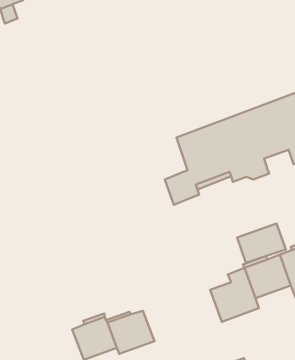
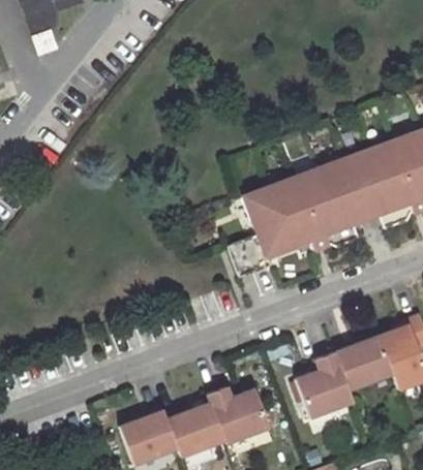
building: [237,223,286,263] -> none
building: none -> [207,386,270,445]

